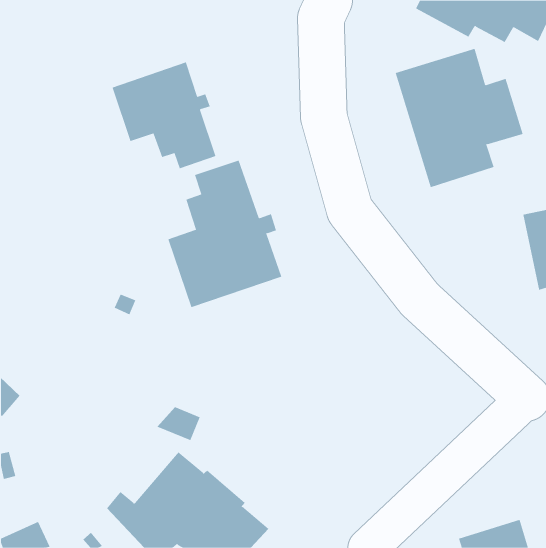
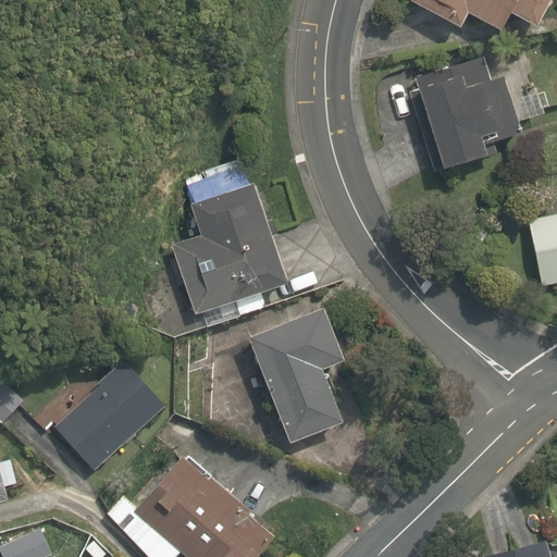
building: [112,62,216,169] -> none
building: none -> [237,298,334,438]
building: none -> [58,361,166,471]

